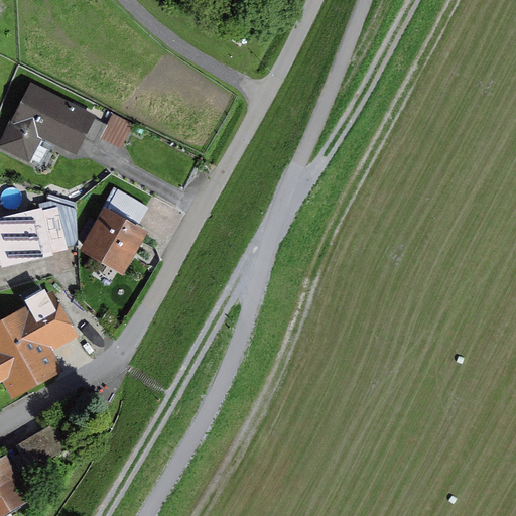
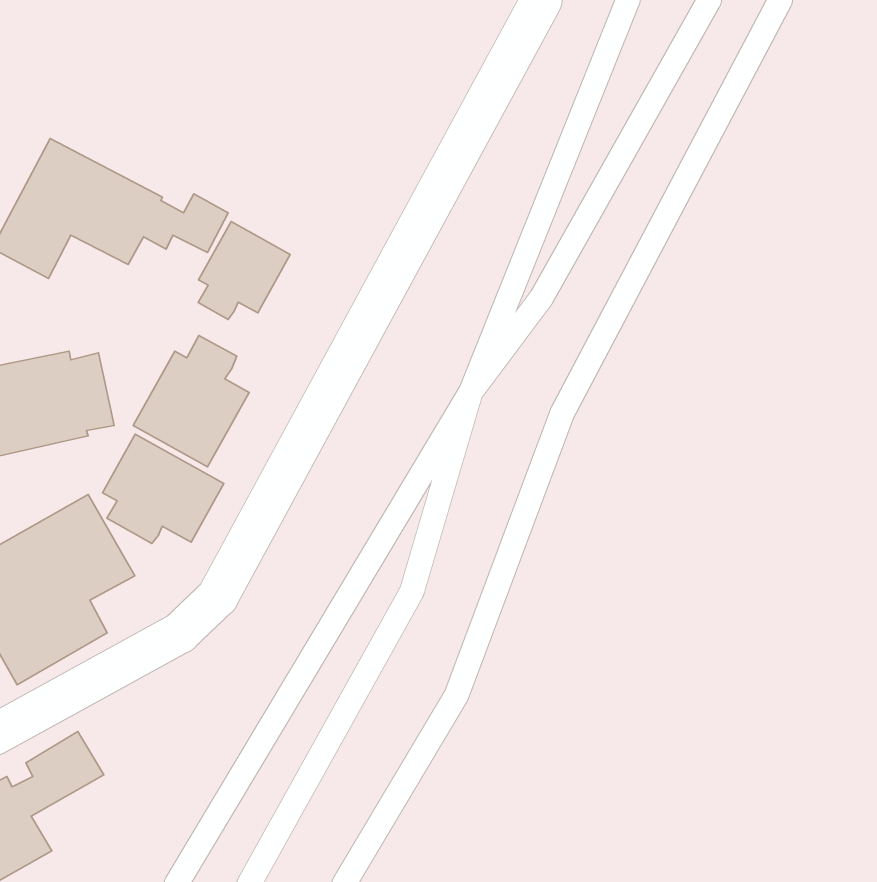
building: none -> [198,221,290,319]
building: none -> [103,434,224,544]

